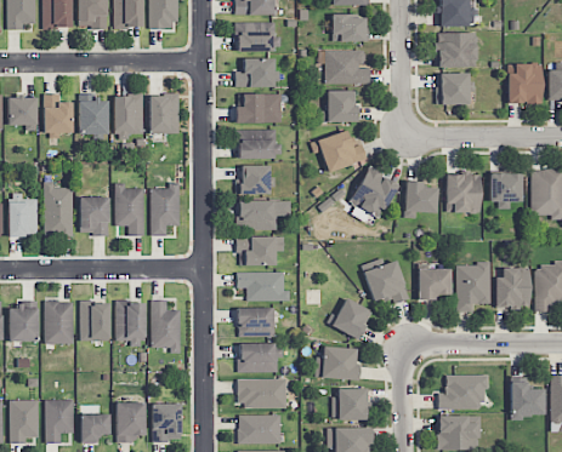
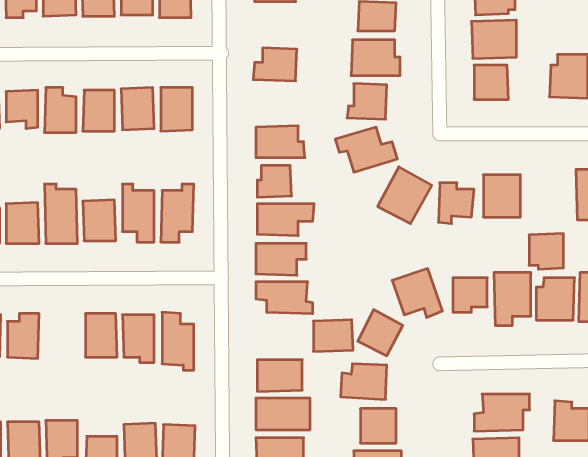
building: [238,22,282,51] -> none
building: [235,93,283,122] -> none
building: [490,172,522,205] -> [529,234,563,269]
building: [45,301,74,344] -> none
building: [239,307,276,336] -> [313,320,353,351]

